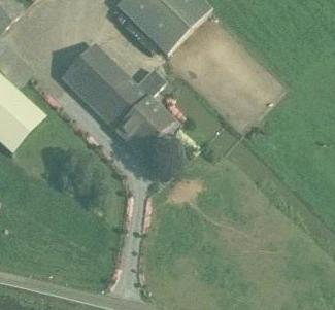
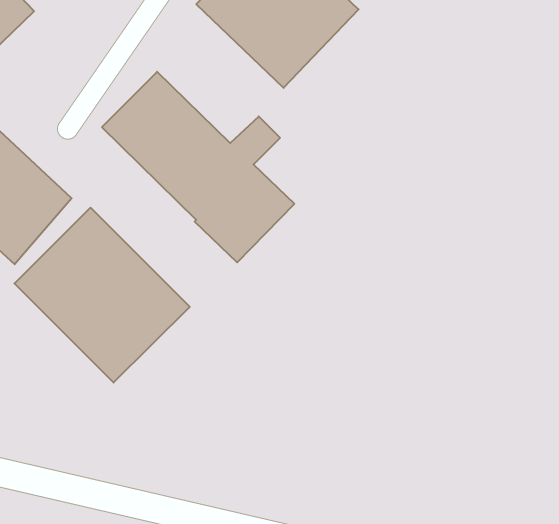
building: none -> [14,208,190,383]

